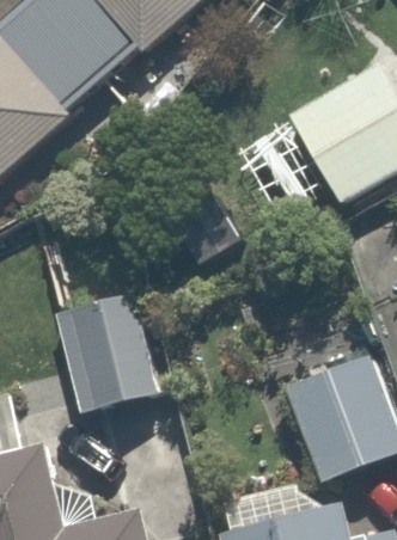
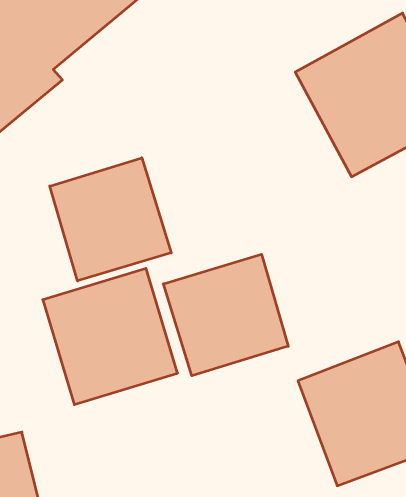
building: none -> [50,158,171,281]
building: none -> [163,254,288,376]

